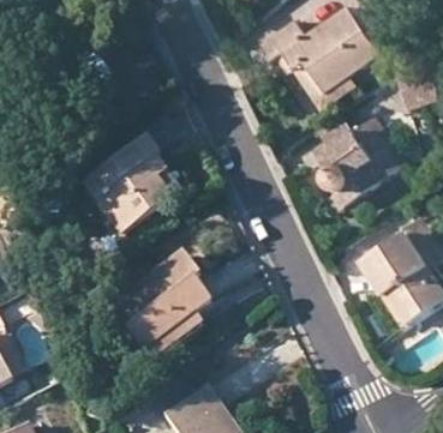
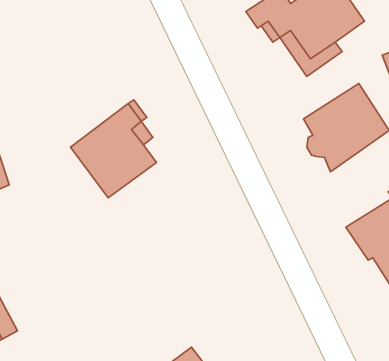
building: [114,253,206,360] -> none

